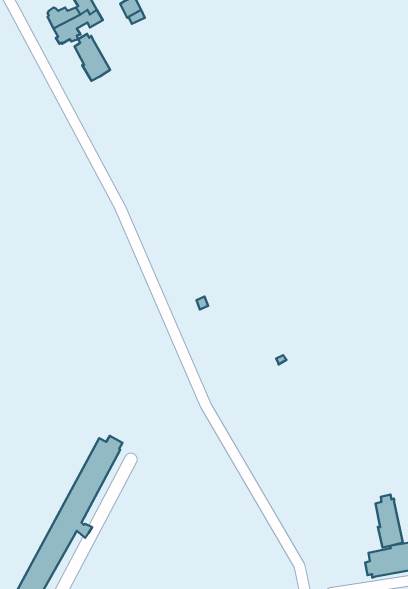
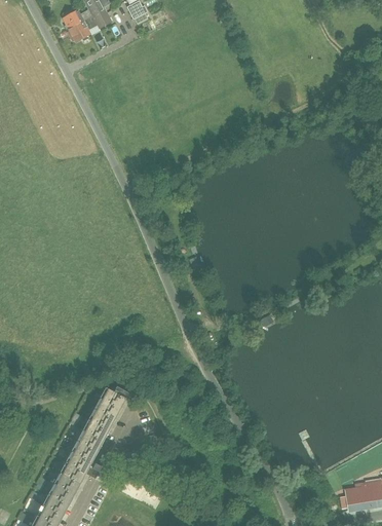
building: [74,34,110,81] -> none
building: [376,495,403,547] -> none

